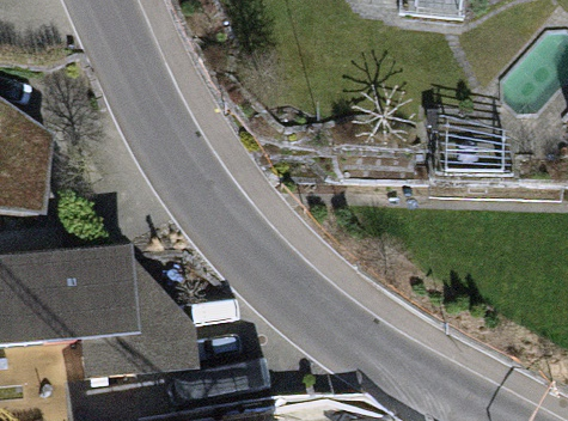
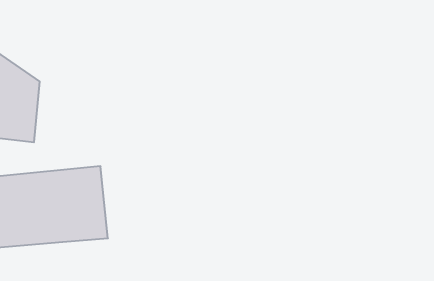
building: [83,256,202,377] -> none

